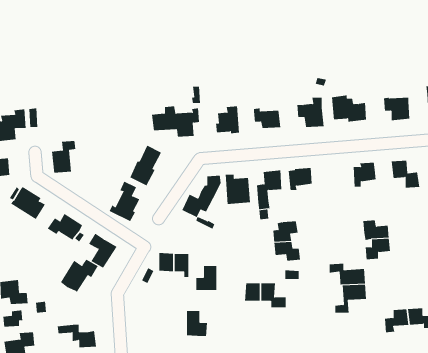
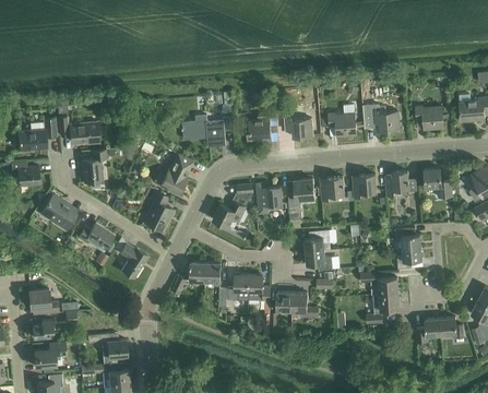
building: none -> [71,122,99,143]
building: none -> [353,175,377,199]
building: [60,259,99,293] -> none
building: [186,310,208,337] -> [249,275,271,301]

